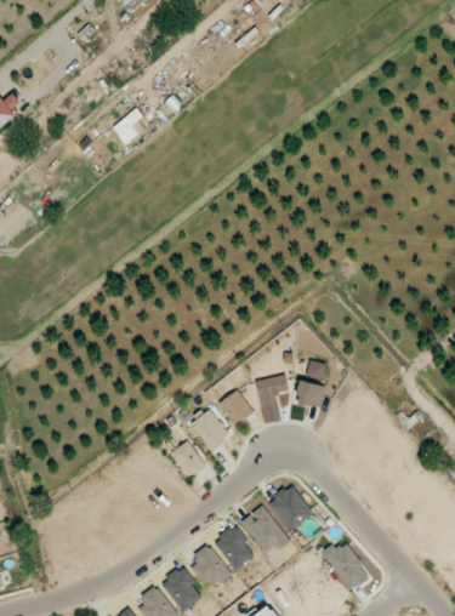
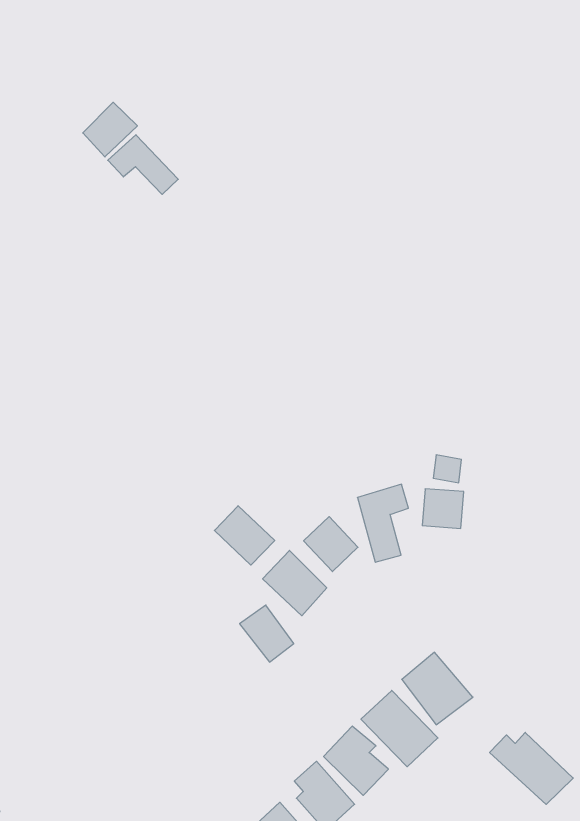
building: none -> [108,135,178,194]
building: none -> [214,506,275,565]

